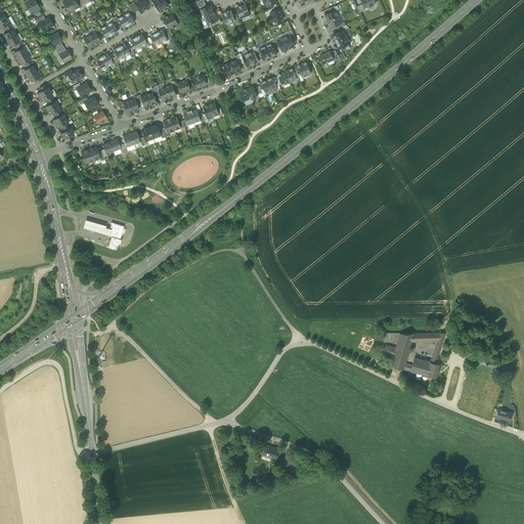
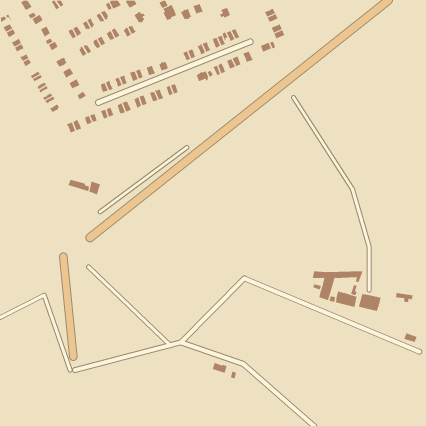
building: none -> [358,293,381,312]

